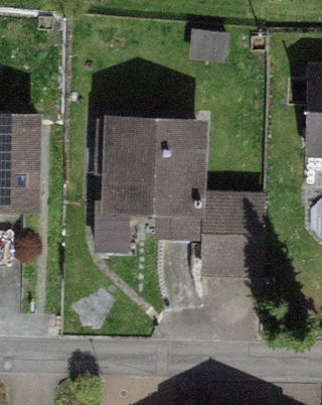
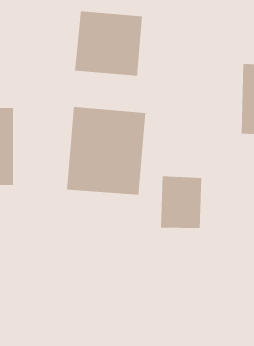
building: none -> [75,10,143,77]

